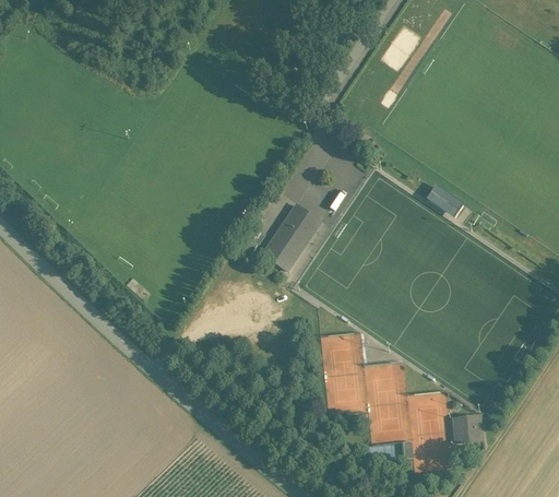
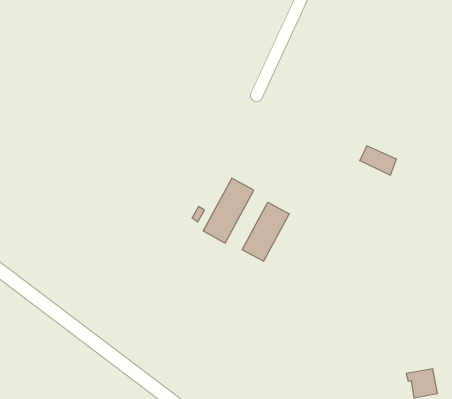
building: none -> [242,202,289,261]

